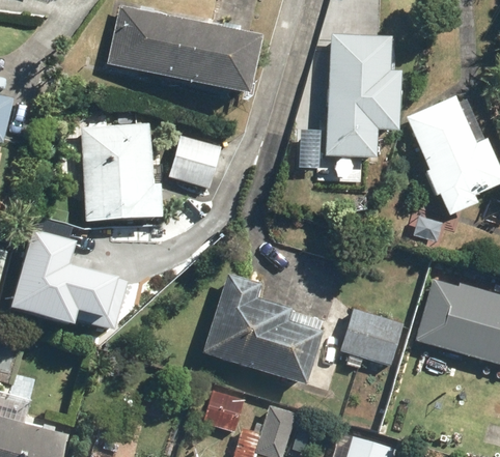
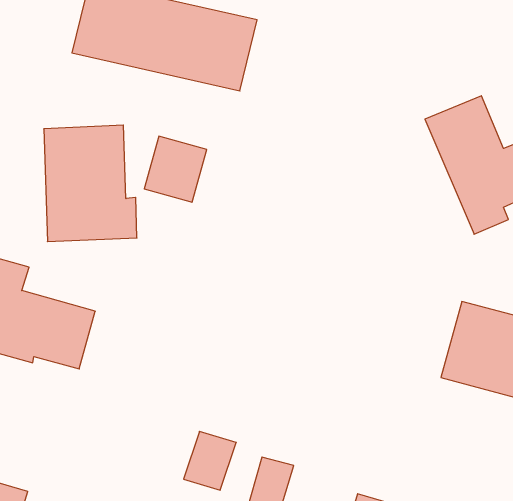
building: [294,35,400,173] -> none
building: [200,274,323,389] -> none
building: [339,309,404,367] -> none

